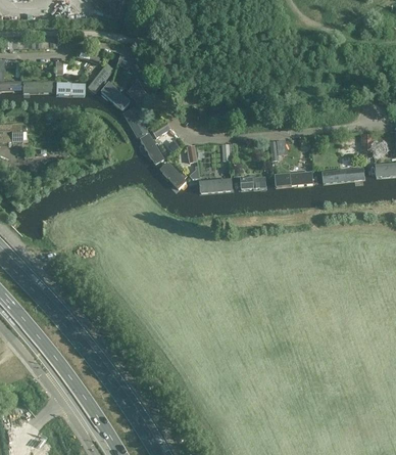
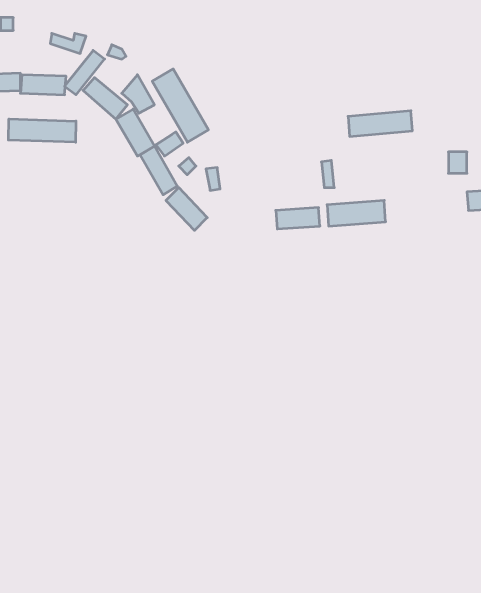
building: none -> [152,69,208,142]
building: none -> [8,119,76,142]
building: [320,165,366,183] -> [348,111,412,136]
building: [198,177,234,193] -> none

